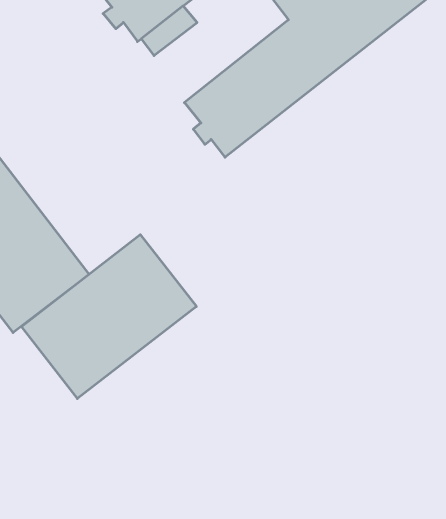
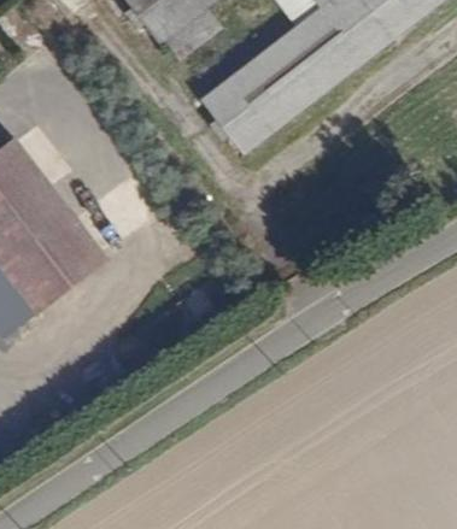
building: [21,235,196,399] -> none

